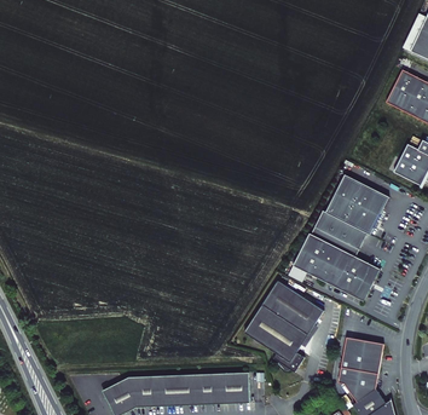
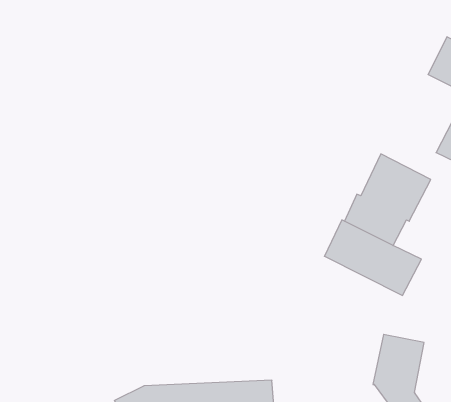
building: [244,279,324,370] -> none

